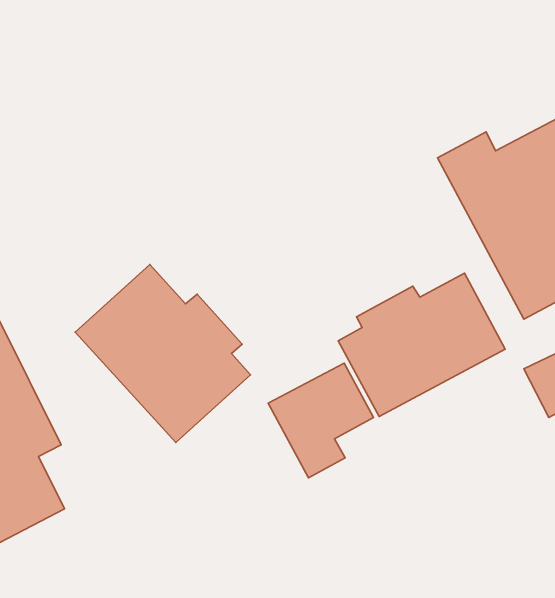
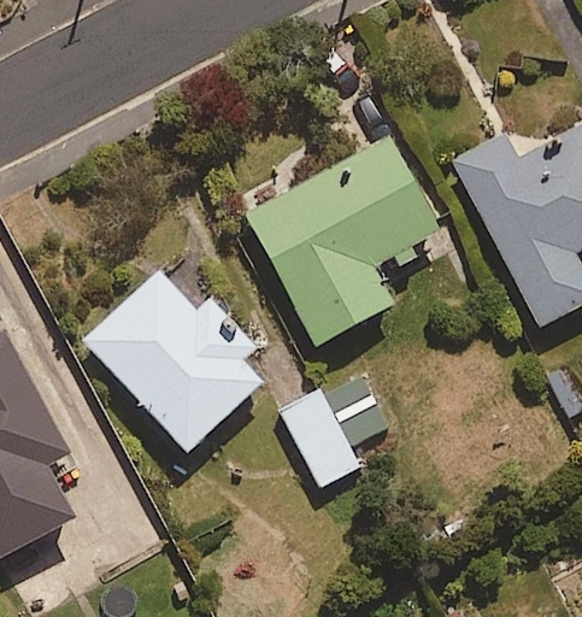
building: none -> [246,139,439,345]
building: [338,273,505,417] -> none

